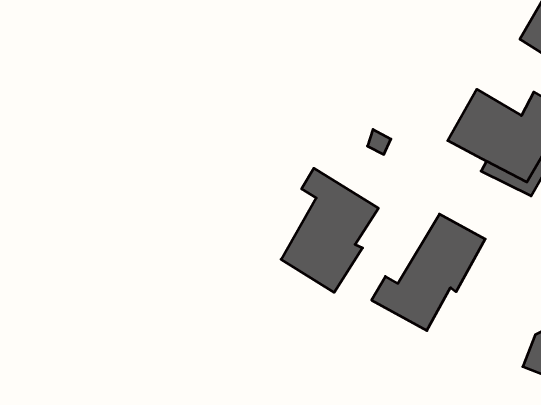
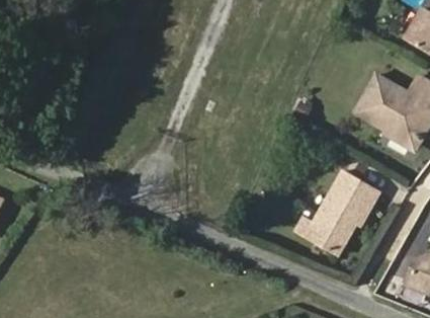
building: [281,168,378,292] -> none

